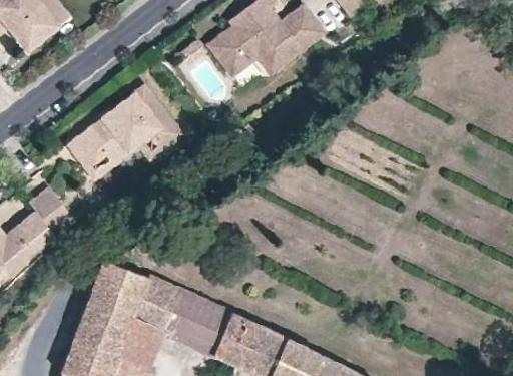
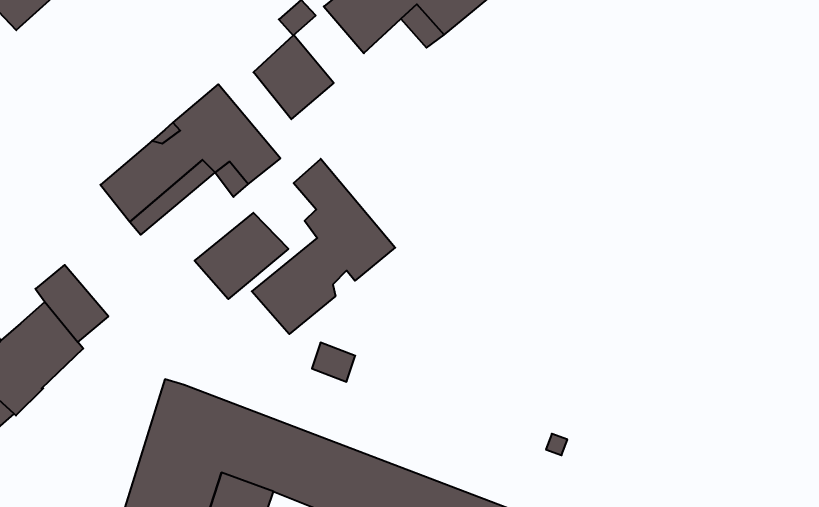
building: none -> [253,35,334,119]
building: none -> [252,159,395,334]
building: none -> [195,213,288,299]

